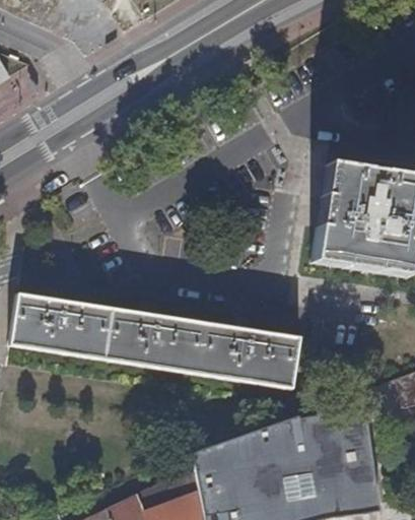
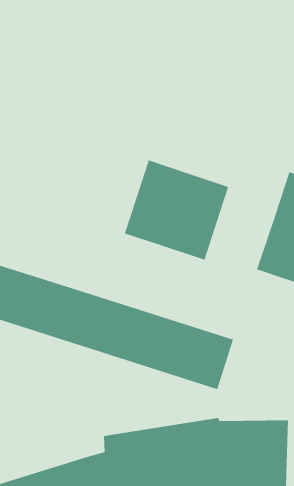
building: none -> [124,160,229,261]

